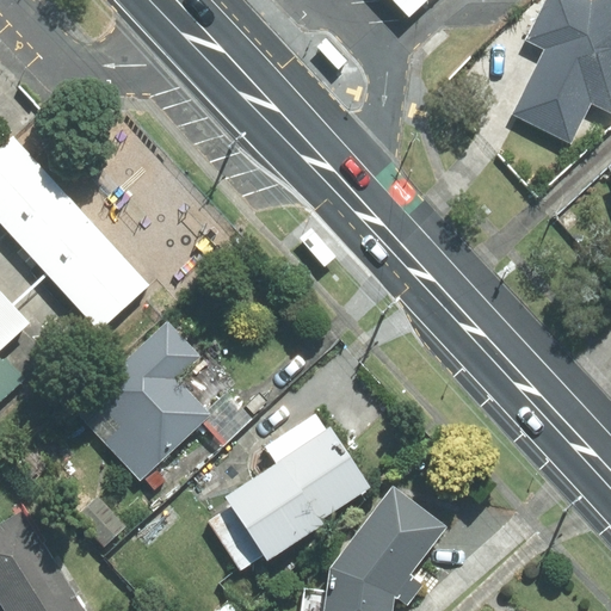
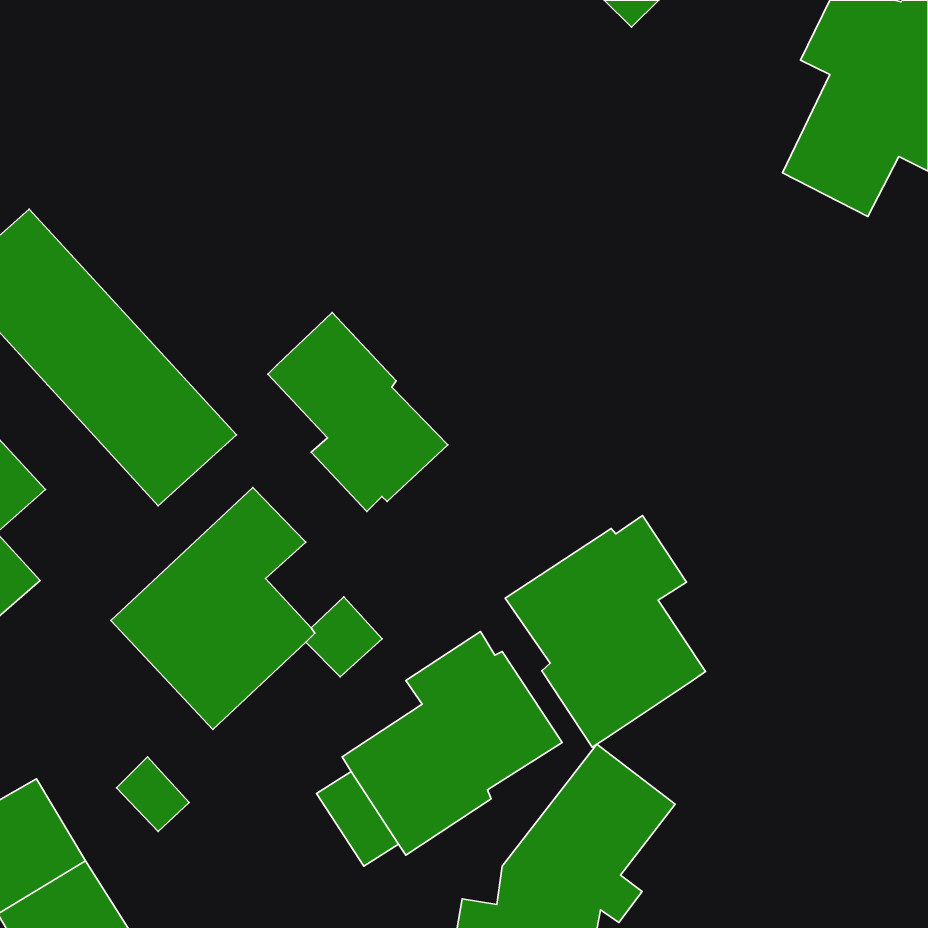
building: none -> [268,313,448,512]
building: none -> [505,516,705,747]

